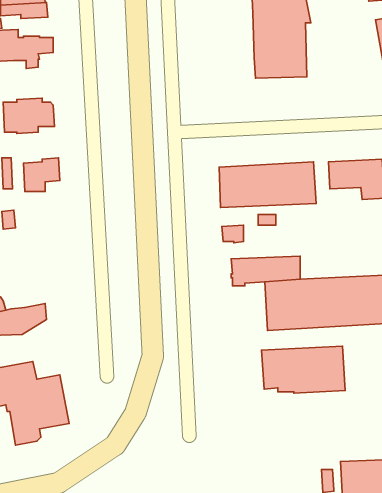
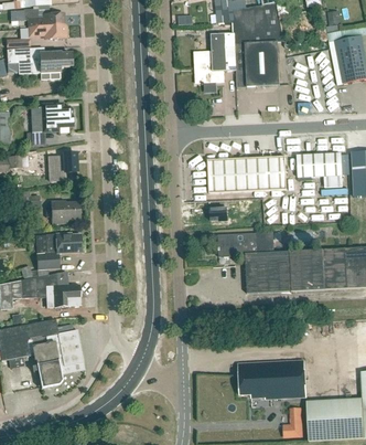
building: none -> [194,33,236,82]
building: none -> [45,200,79,223]
building: none -> [36,232,80,267]
building: none -> [46,284,80,307]
building: [262,346,345,393] -> [238,359,306,398]

